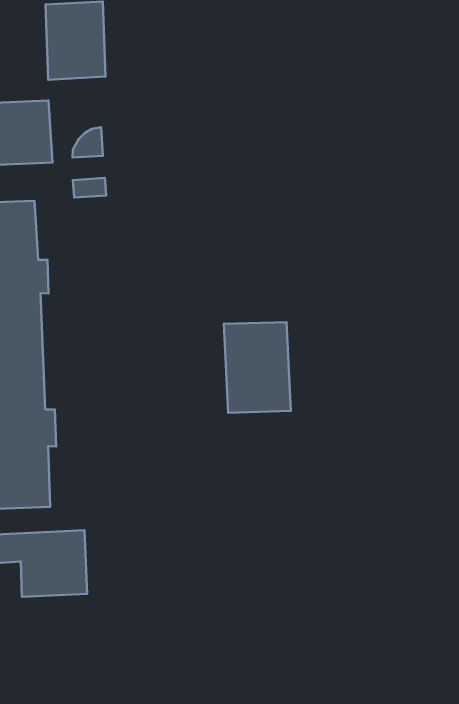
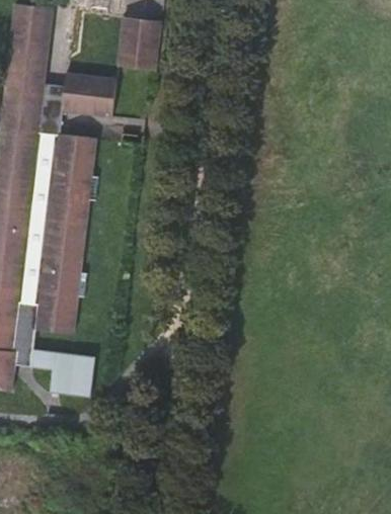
building: [224,322,291,413] -> none

